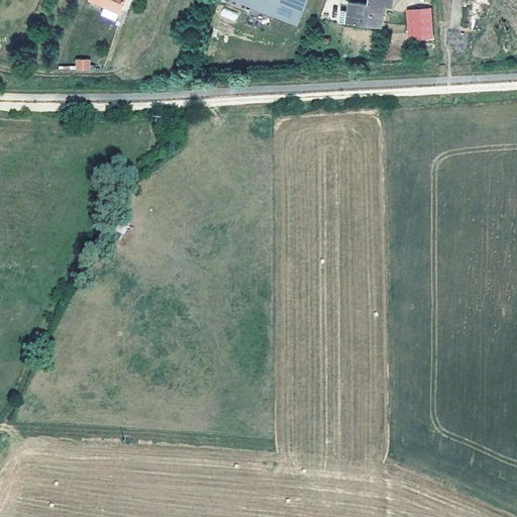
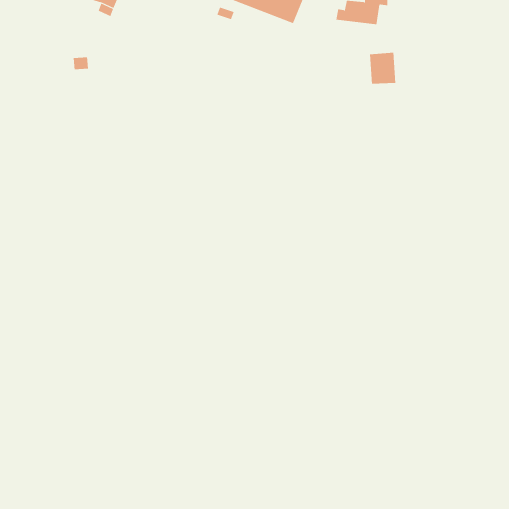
building: [406,8,433,40] -> [369,52,396,84]

